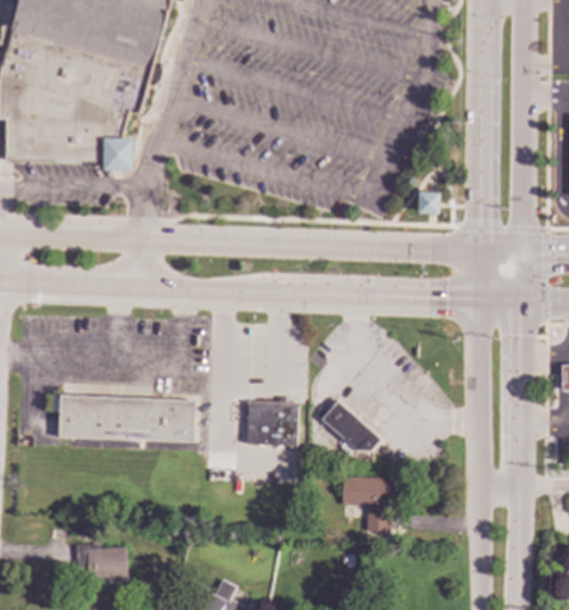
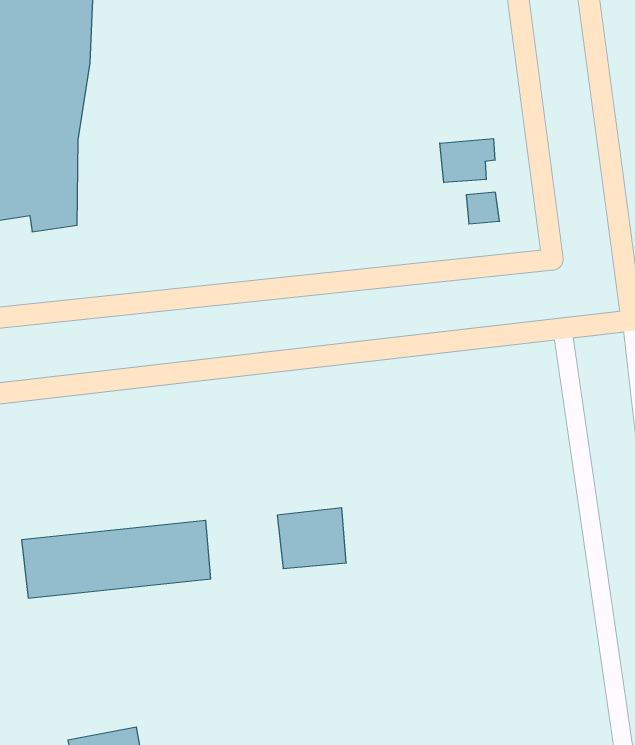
building: none -> [440,139,495,183]
building: [324,402,382,452] -> none
building: [339,474,398,523] -> none

